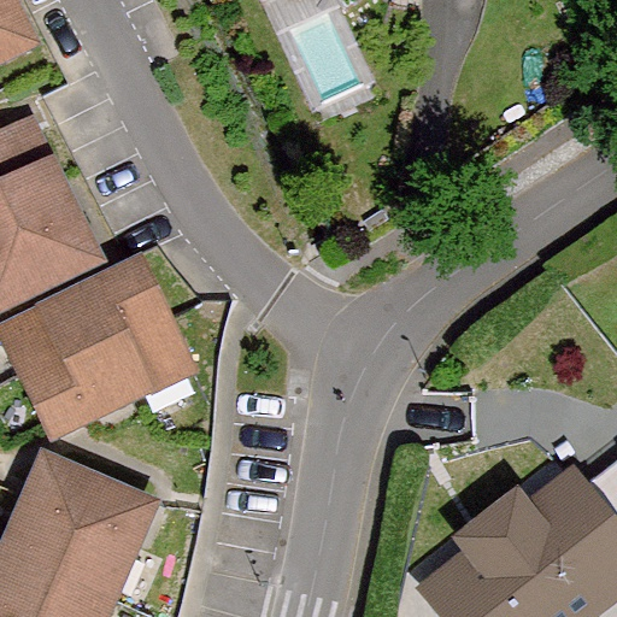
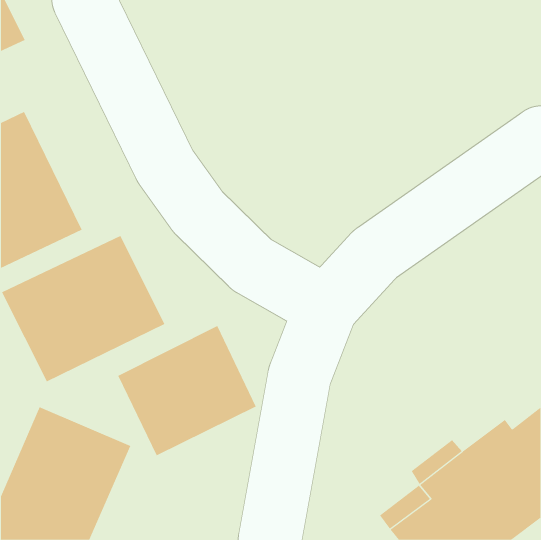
building: none -> [117,325,257,456]

